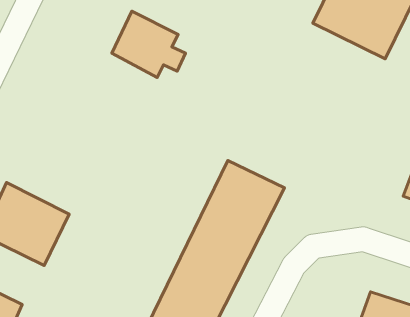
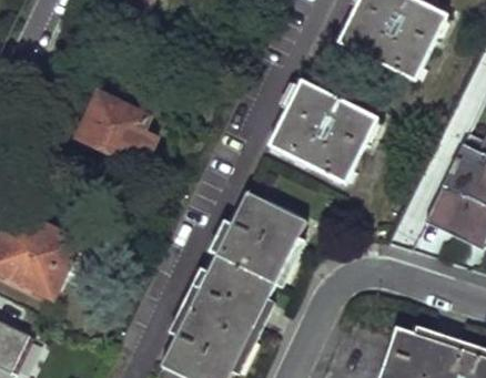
building: [112,11,185,77] -> [81,94,159,164]
building: none -> [267,78,376,182]

